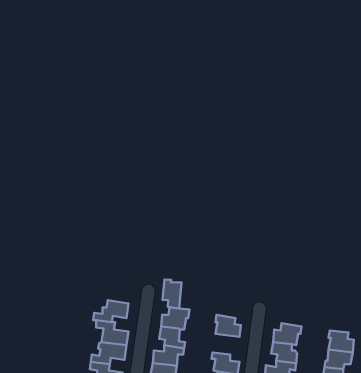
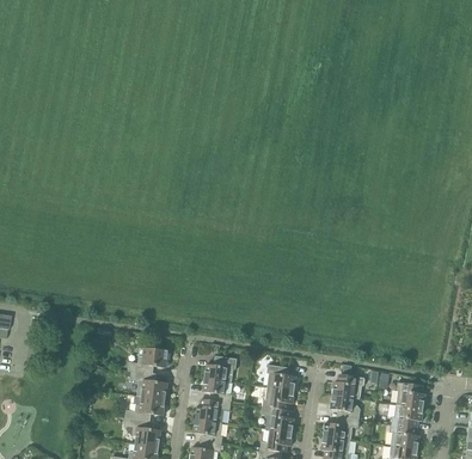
building: [162,280,182,309] -> none
building: none -> [262,386,294,410]

